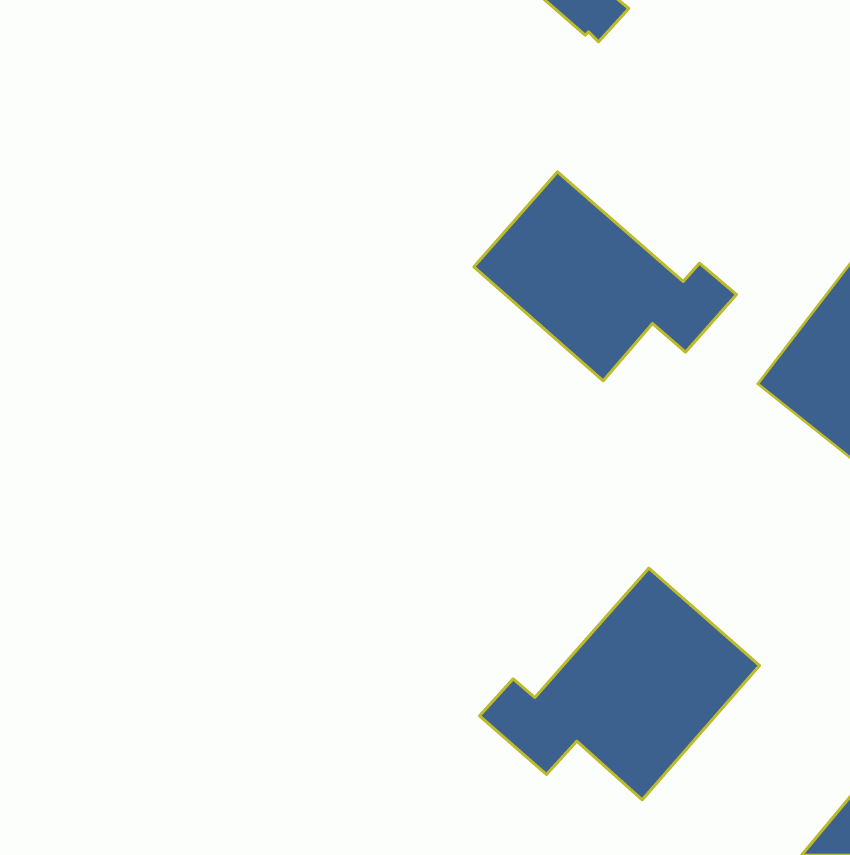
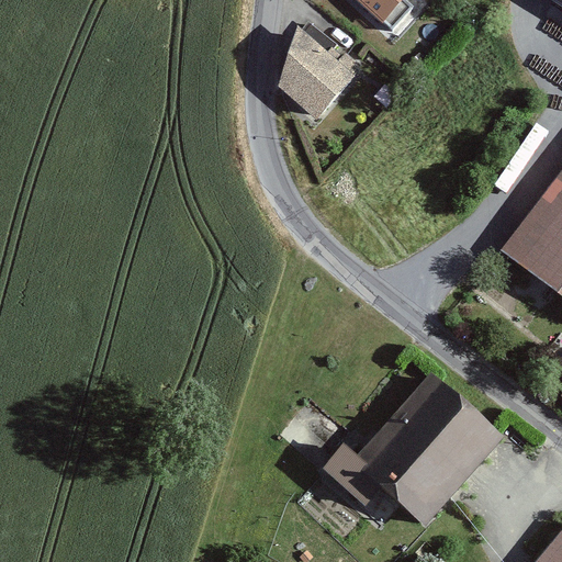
building: none -> [283,26,360,120]
building: [474,172,736,381] -> none

